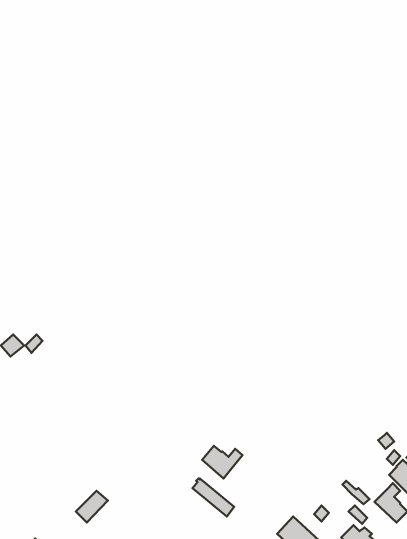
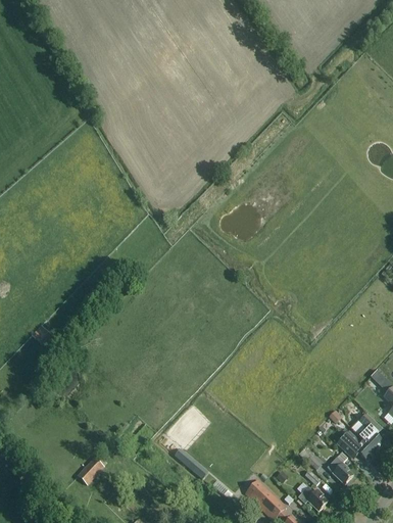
building: [202,446,242,478] -> none

